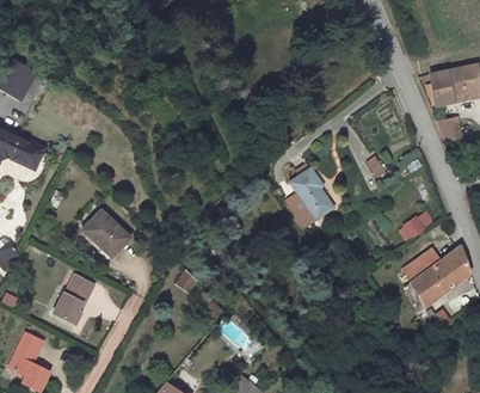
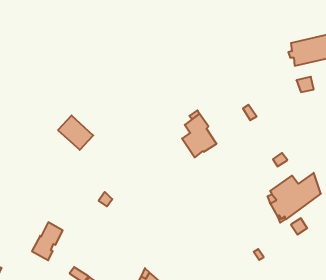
building: [84,211,130,257] -> [58,115,93,150]
building: [54,275,94,325] -> [32,222,63,260]

